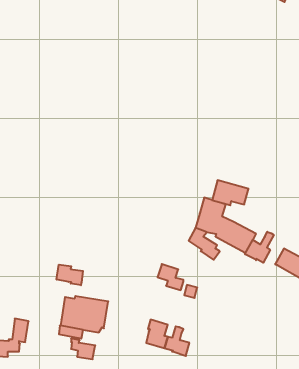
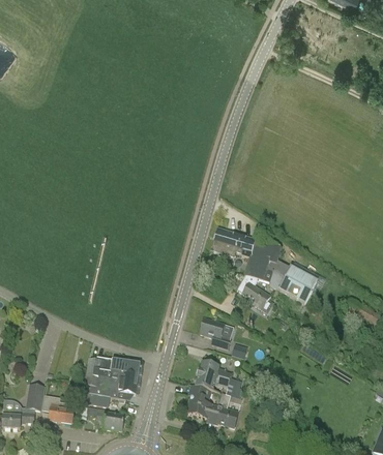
building: [212,180,249,205] -> [212,228,256,257]
building: [245,232,274,263] -> none
building: [57,265,83,285] -> none
building: none -> [196,361,242,397]
building: none -> [42,395,75,423]

